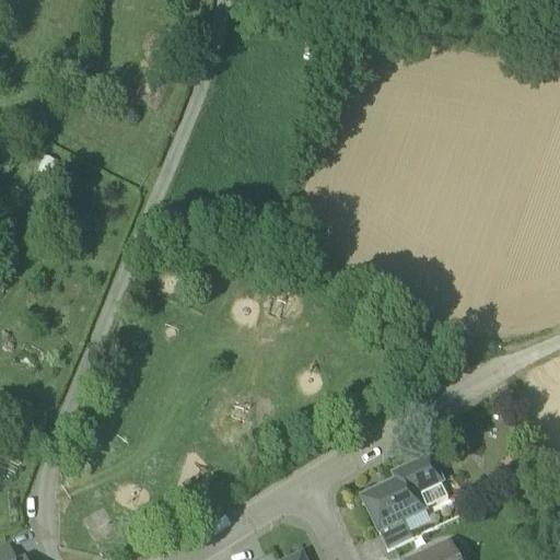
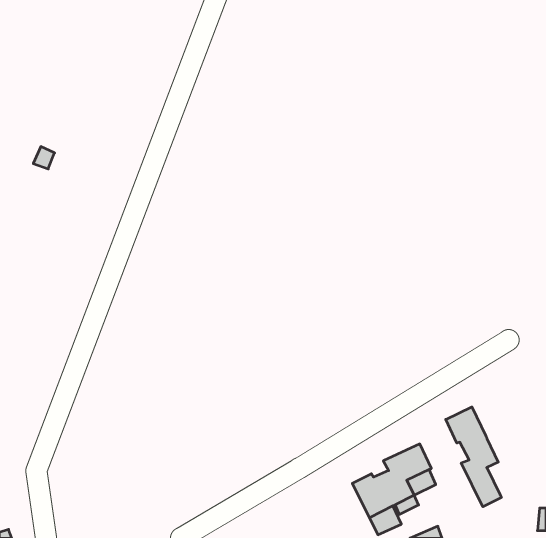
building: none -> [446,407,501,507]

